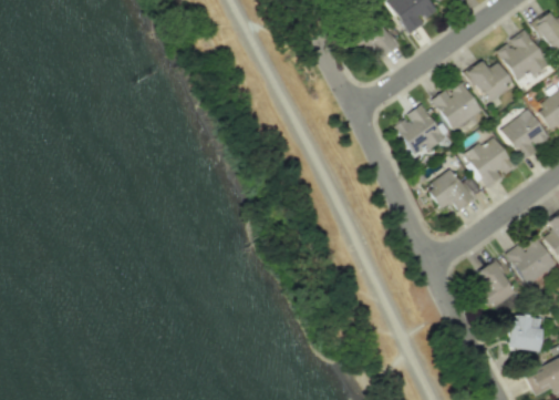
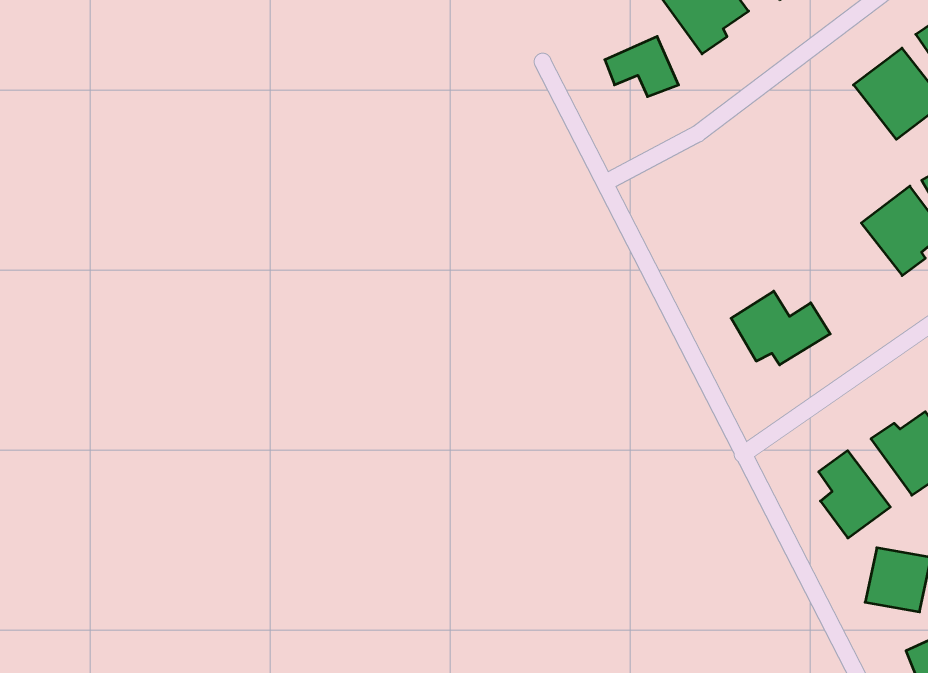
building: [465,59,514,102] -> none
building: [433,81,483,131] -> none
building: [395,103,446,154] -> none
building: [463,134,516,189] -> none

